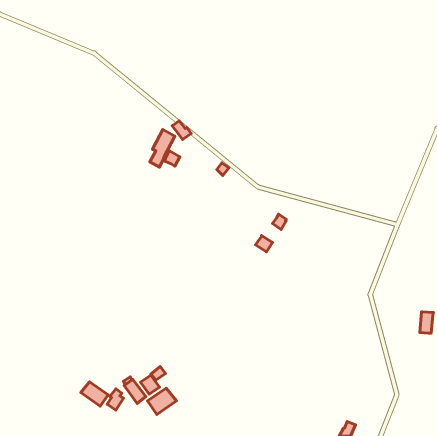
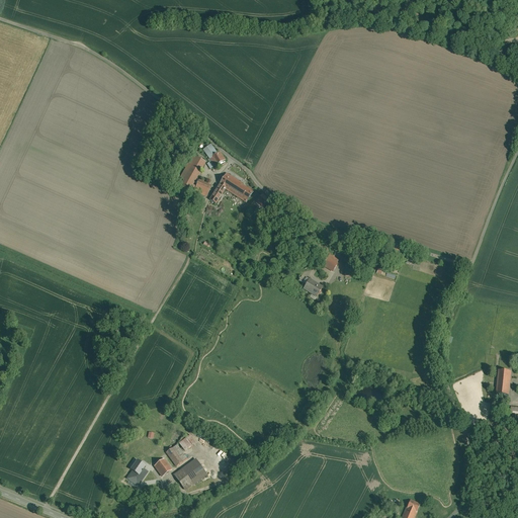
building: none -> [210,171,253,202]
building: [81,382,108,406] -> none

